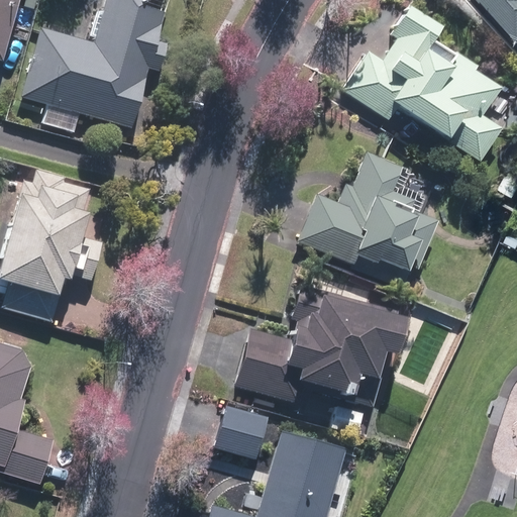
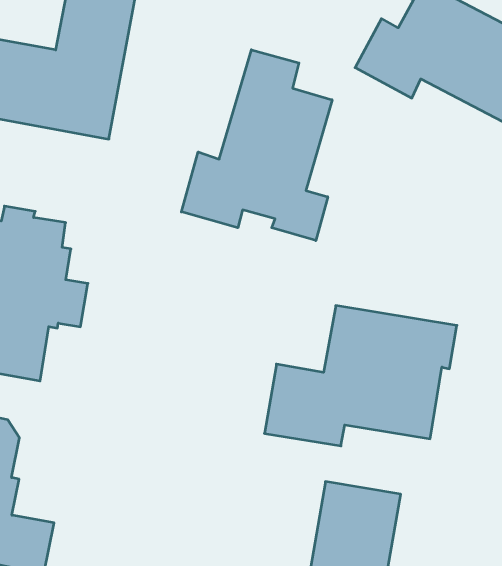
building: none -> [181,50,332,241]
building: [297,152,436,286] -> none
building: [211,403,266,456] -> none

